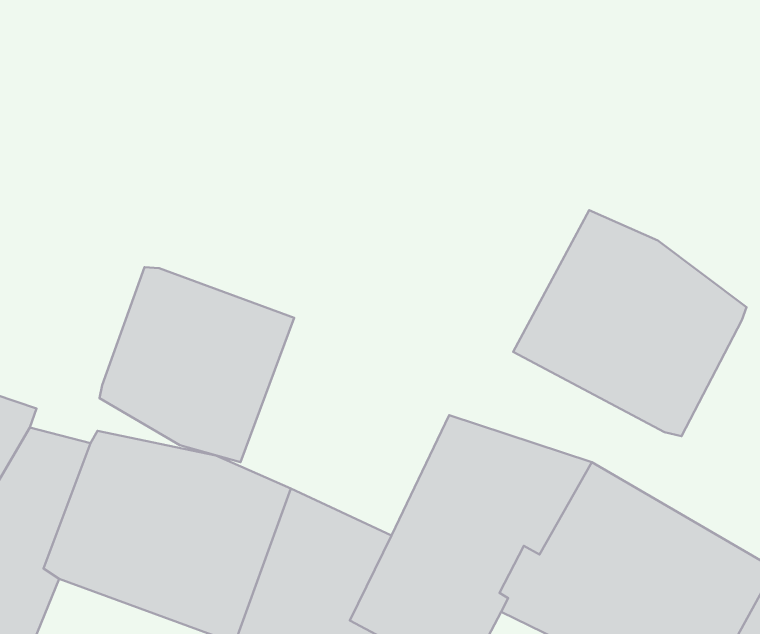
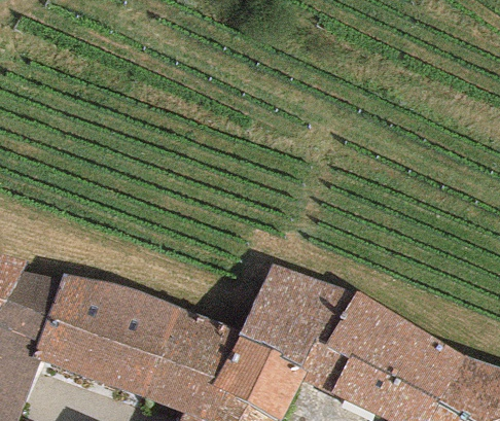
building: [513,210,746,436] -> none
building: [99,267,294,462] -> none

